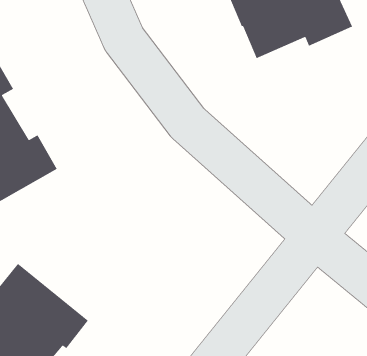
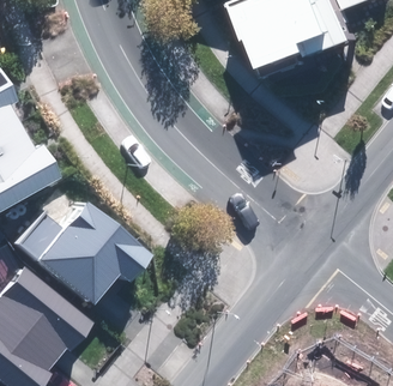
building: none -> [18,200,152,304]

